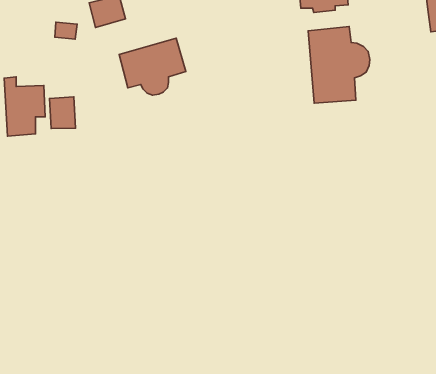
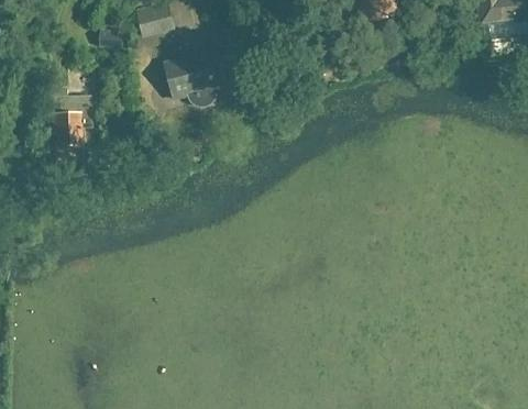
building: [308,26,370,103] -> none
building: [50,97,76,129] -> none

